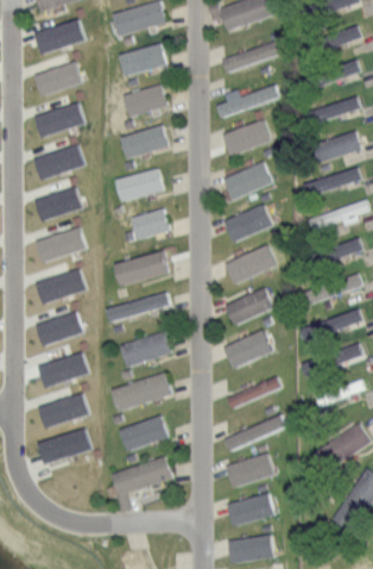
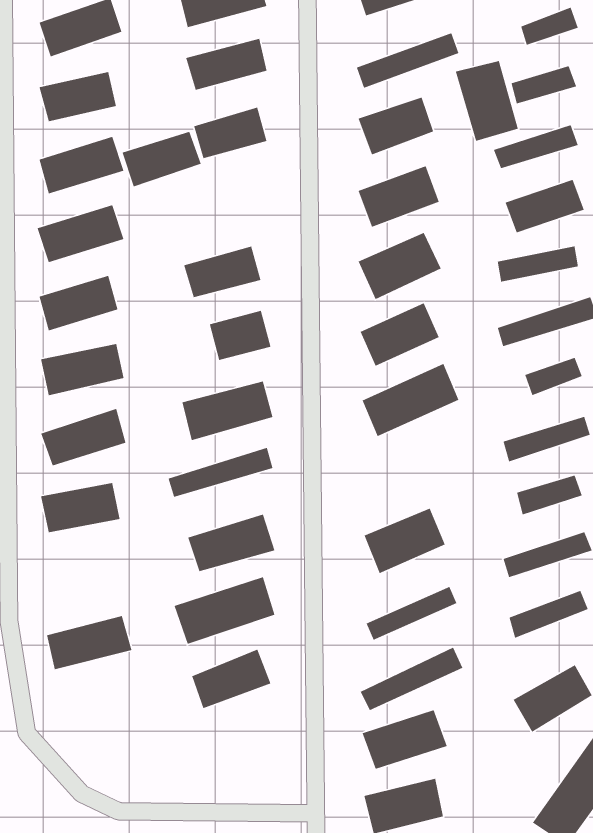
building: none -> [455,60,519,142]
building: [121,125,170,160] -> [121,131,202,188]
building: [226,287,276,327] -> none
building: [33,351,87,388] -> none
building: [33,427,89,464] -> none
building: [114,454,176,496] -> none

